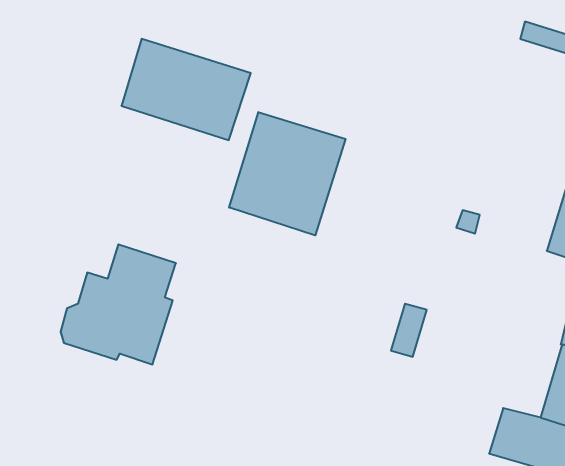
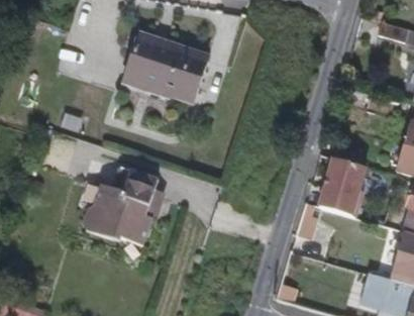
building: [229,112,346,235] -> none
building: none -> [320,154,366,214]

